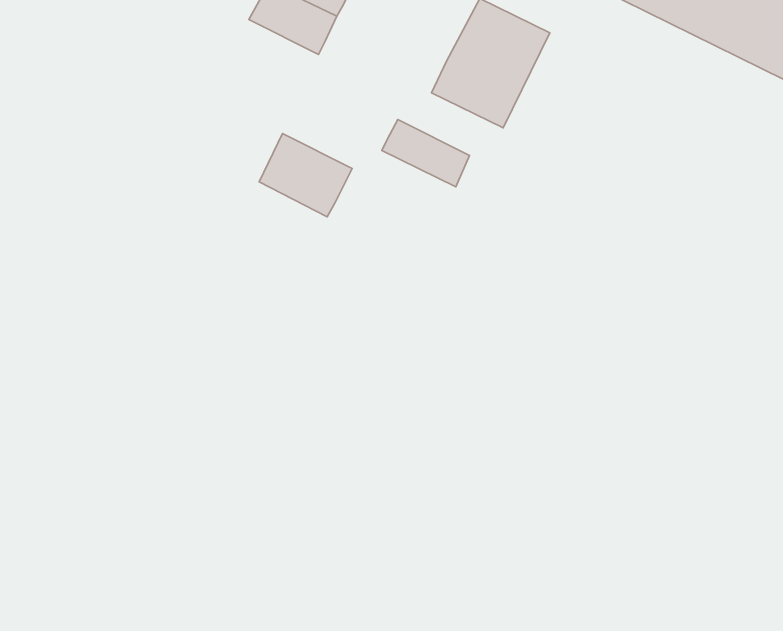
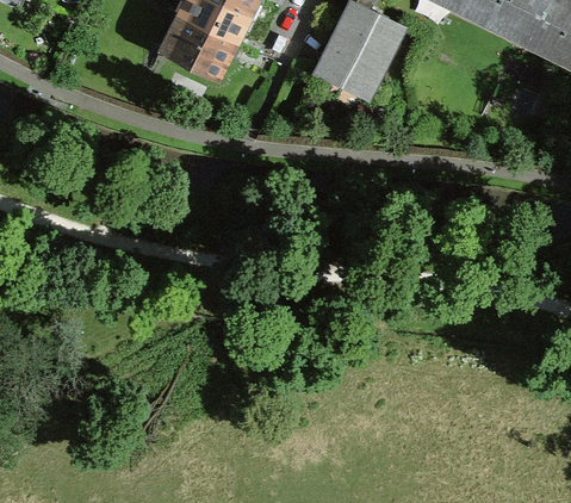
building: [382,120,469,187] -> none
building: [259,134,352,217] -> [167,19,234,79]

